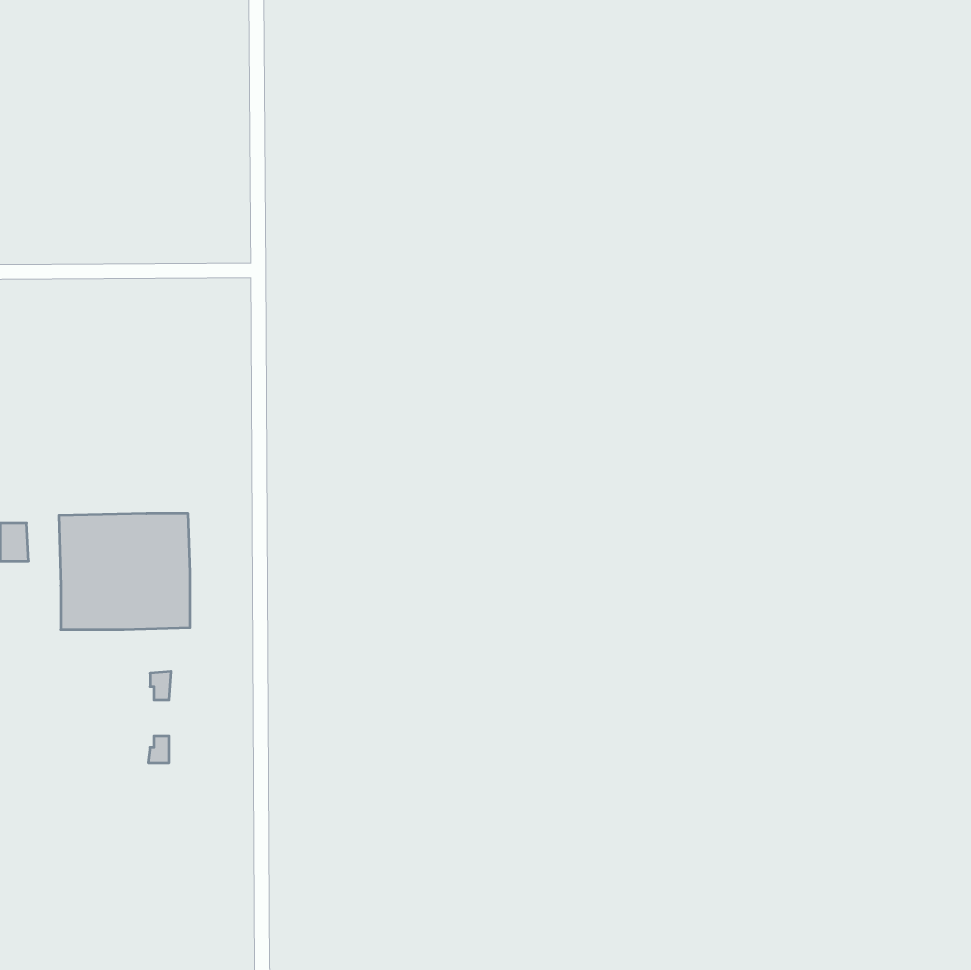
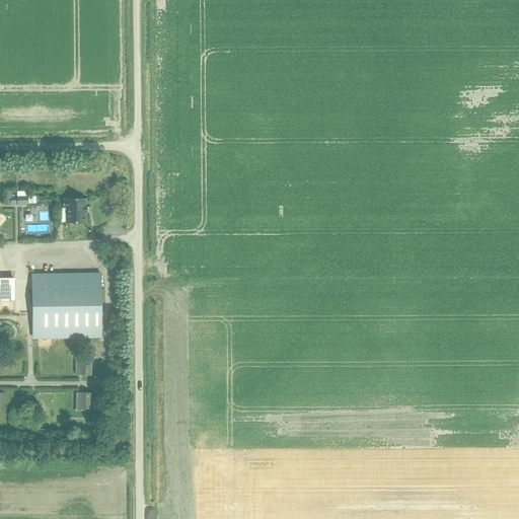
building: none -> [63,198,87,222]

